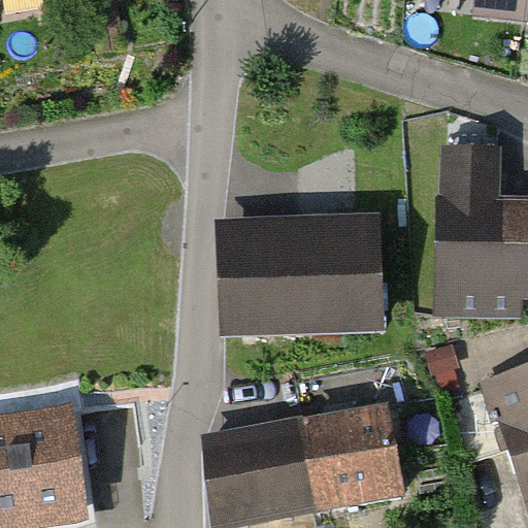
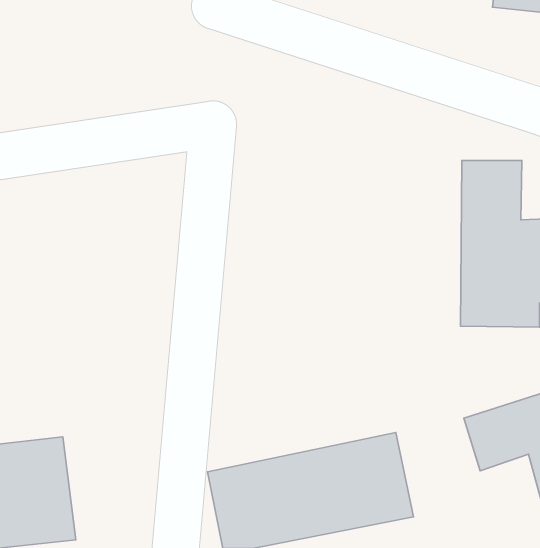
building: [226,232,375,329] -> none

